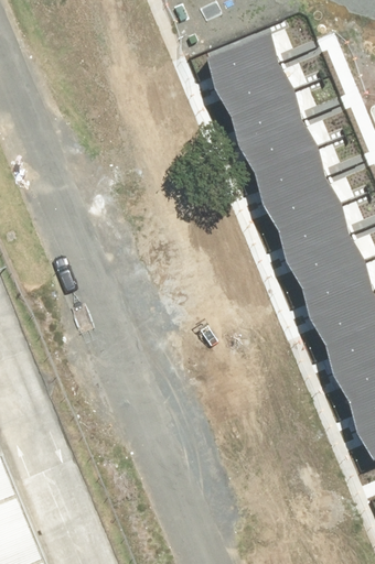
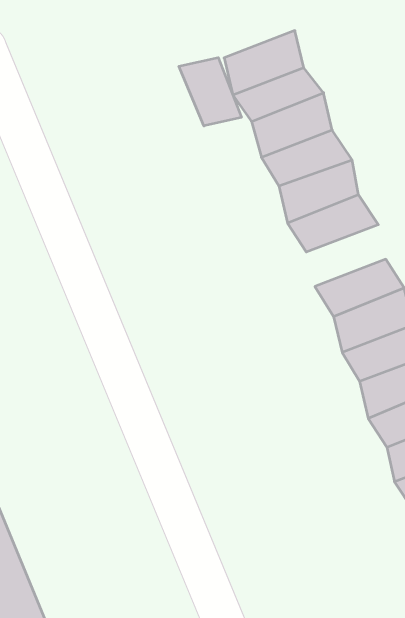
building: none -> [179,58,241,126]
building: [278,205,349,260] -> none

